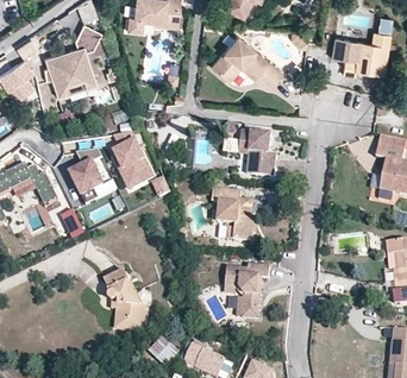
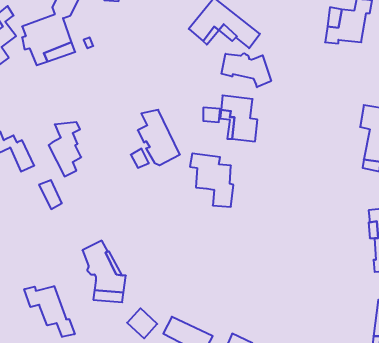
building: none -> [221,53,271,87]
building: [111,136,152,190] -> [138,110,180,165]
building: [225,265,271,320] -> none
building: none -> [24,286,75,337]

